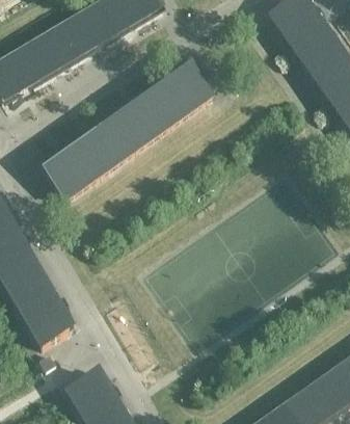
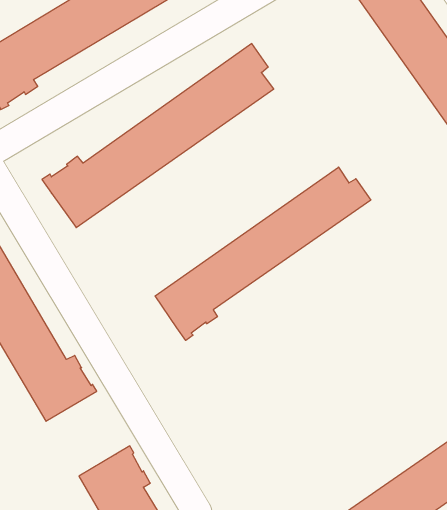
building: none -> [155,167,371,340]

